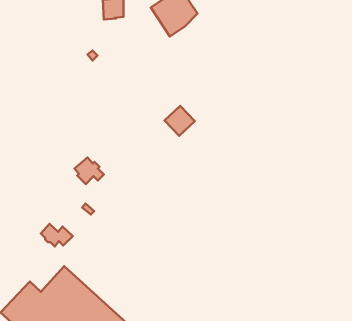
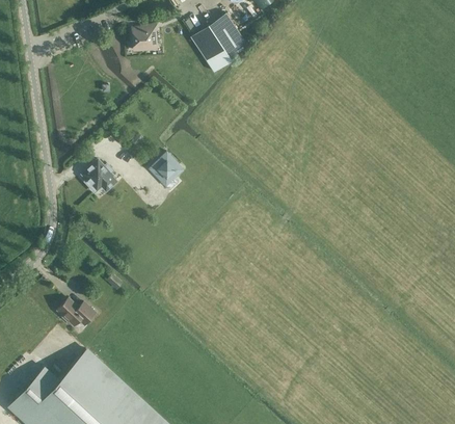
building: [165,106,195,136] -> [149,151,185,187]
building: [75,157,104,184] -> [81,160,116,192]

